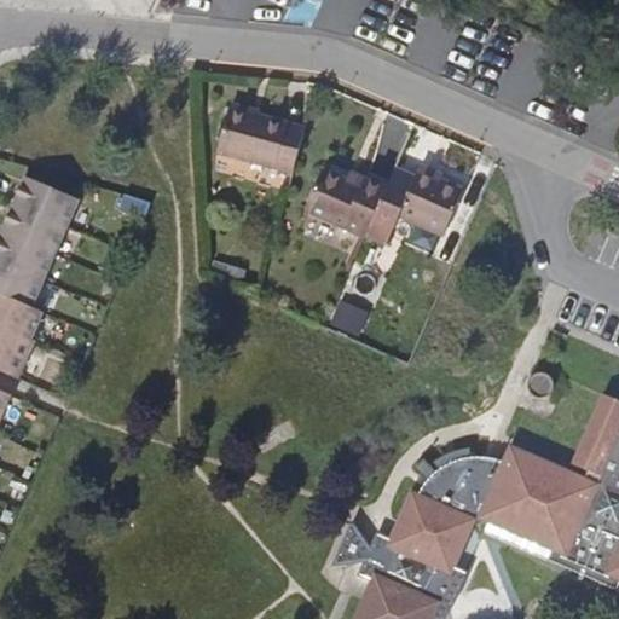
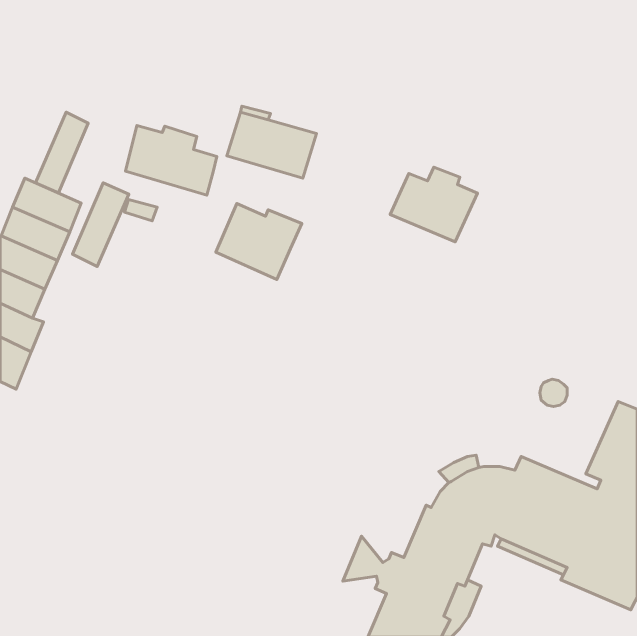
building: none -> [35,112,88,193]
building: none -> [126,125,217,195]
building: [306,166,389,239] -> [216,204,302,280]
building: none -> [73,183,129,267]

